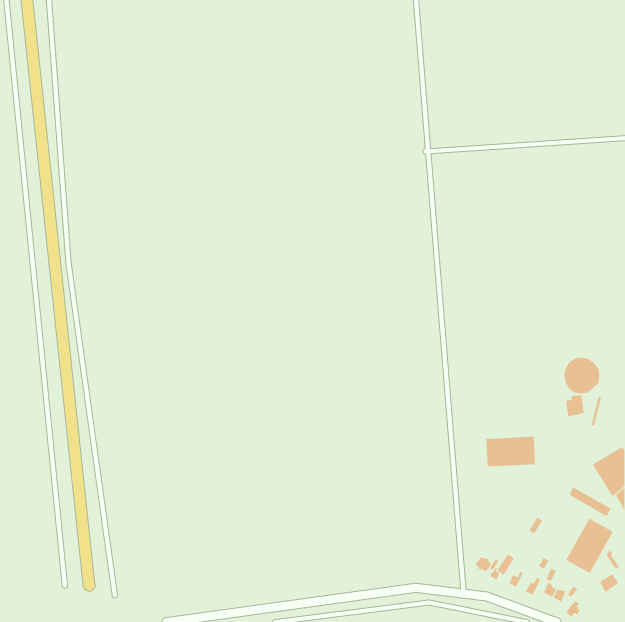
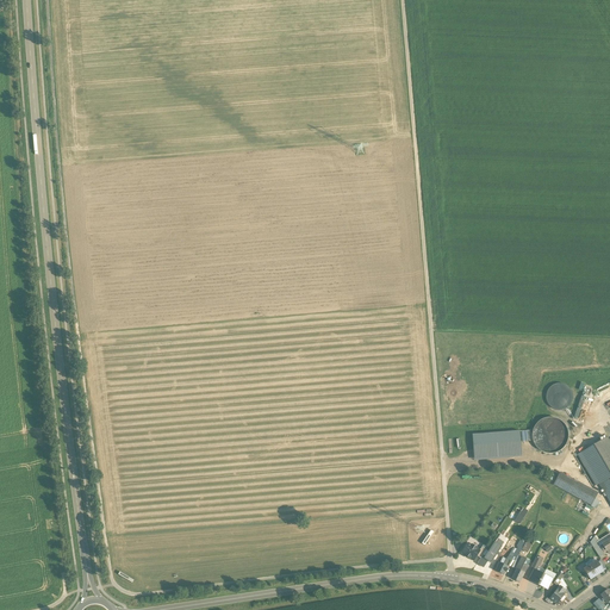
building: [564,357,600,394] -> [533,416,568,452]
building: [565,518,614,574] -> none

